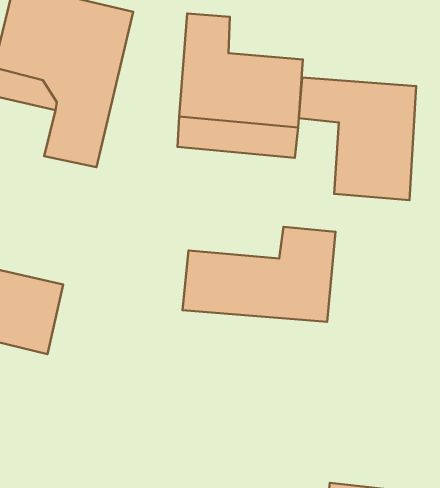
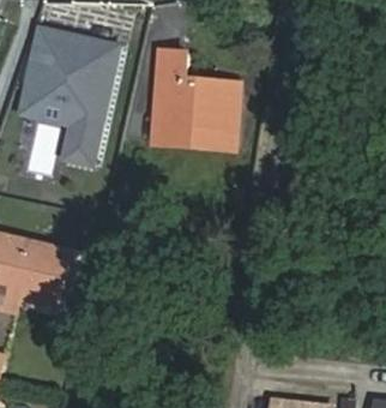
building: [299,77,416,200] -> none
building: [182,227,336,322] -> none

